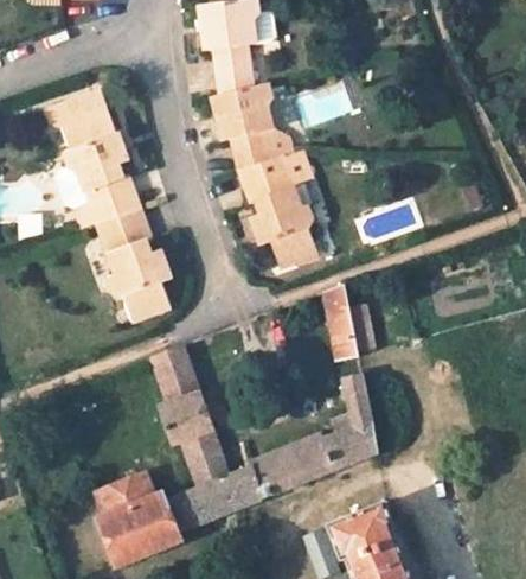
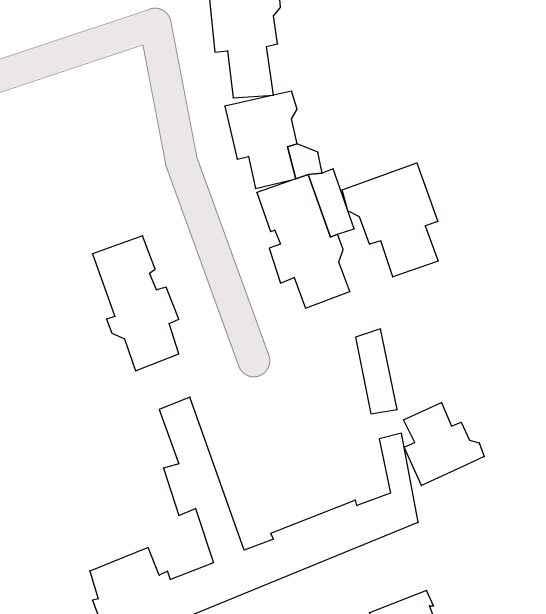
building: [43,87,141,228] -> none
building: none -> [342,163,438,277]
building: none -> [404,402,484,486]

